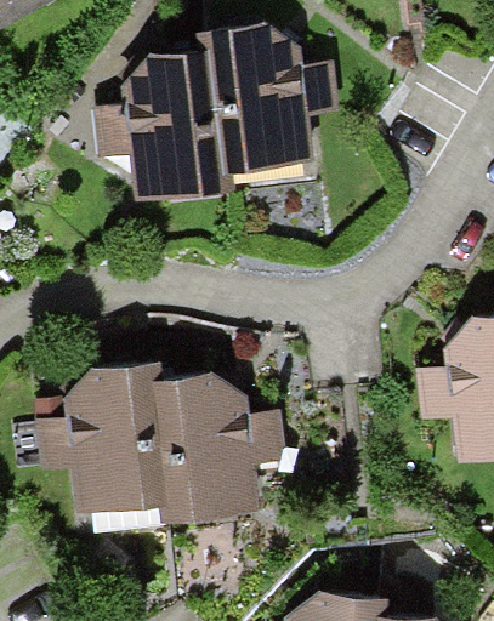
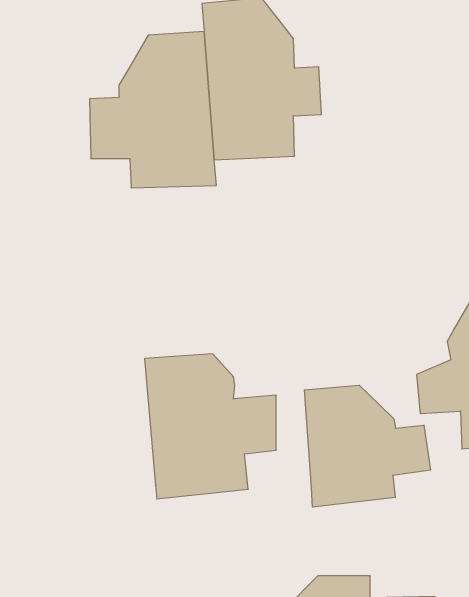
building: [36,363,160,512] -> none
building: none -> [304,385,430,507]

